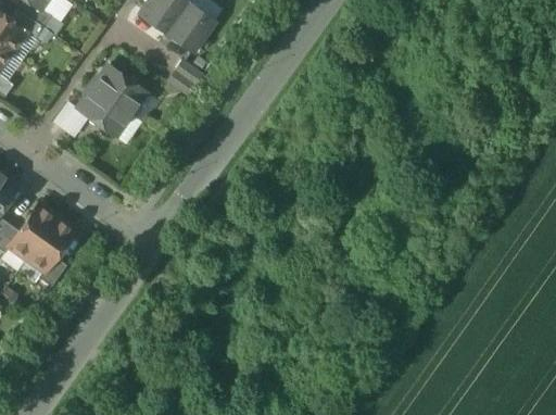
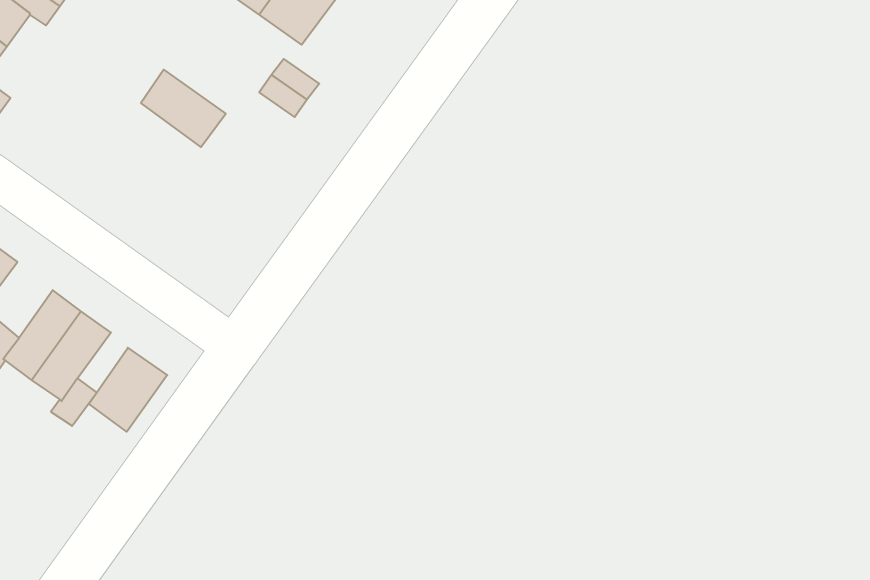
building: [78,87,130,135] -> none
building: none -> [89,348,167,432]

